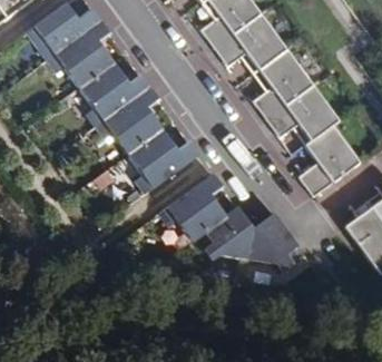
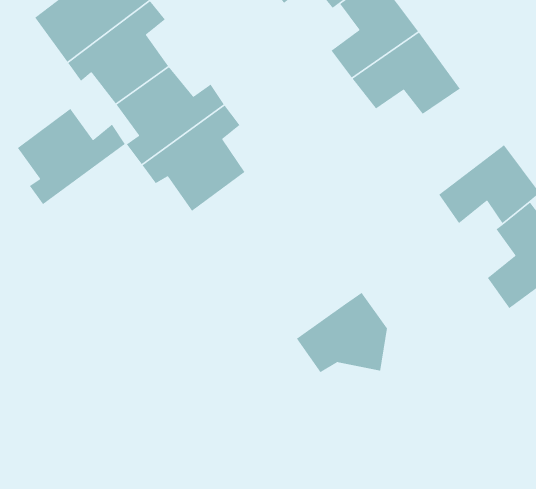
building: [267,70,324,138] -> none
building: [124,124,194,186] -> [17,108,126,205]
building: [156,167,222,233] -> none
building: [245,207,301,266] -> none

